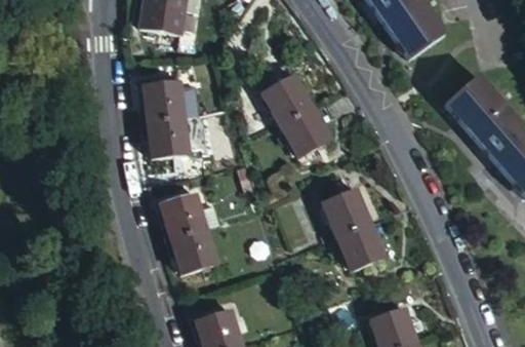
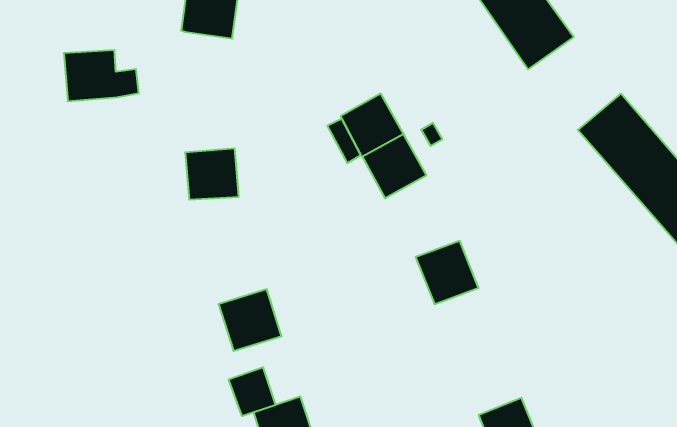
building: [142,81,199,120] -> [64,50,139,101]
building: [160,192,207,236] -> none
building: [335,224,383,272] -> none
building: none -> [229,367,275,416]

